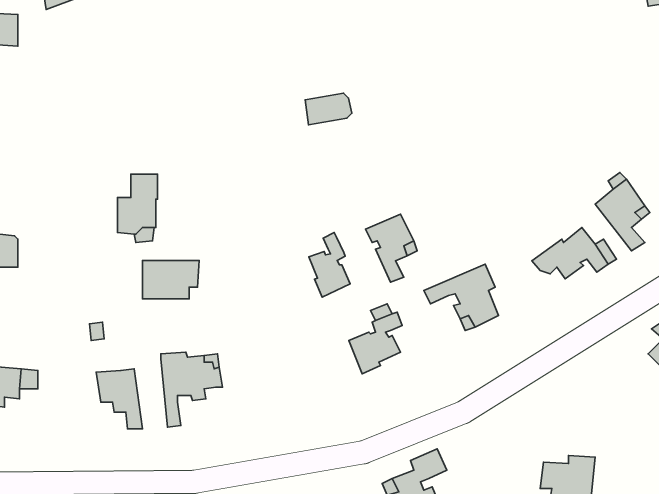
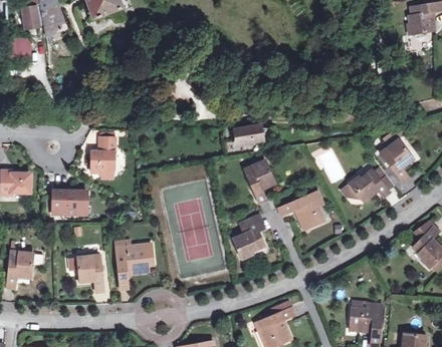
building: [305,93,352,125] -> [235,123,263,142]
building: [309,233,350,297] -> none
building: [143,261,199,299] -> [53,189,87,212]

